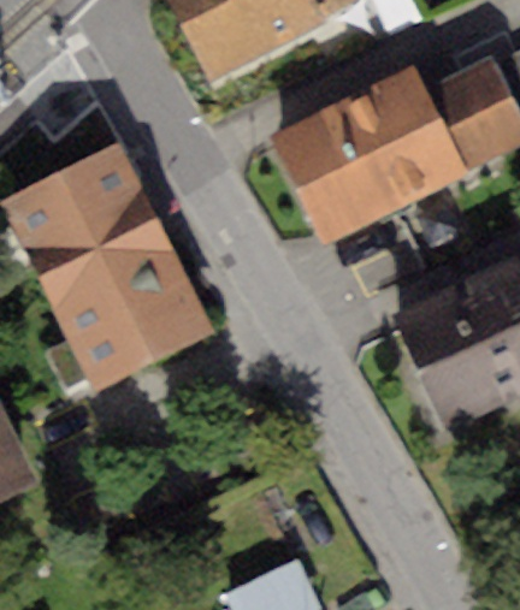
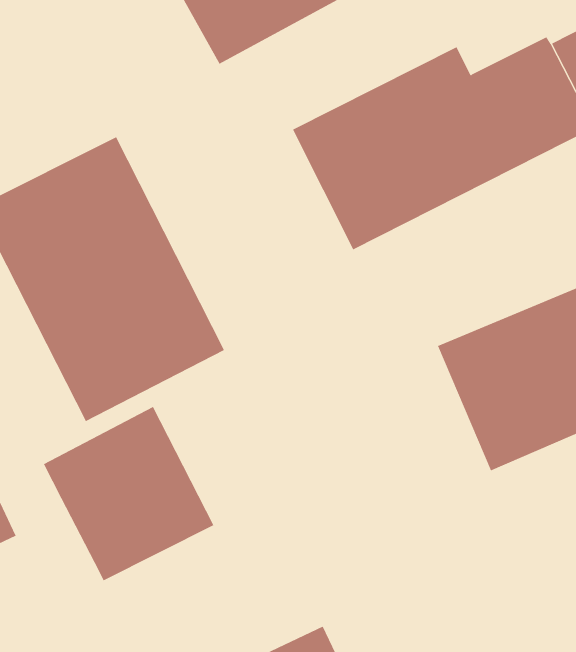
building: none -> [43,406,214,581]

